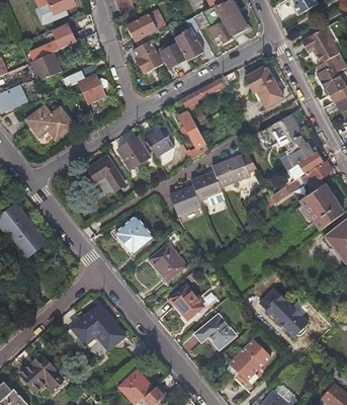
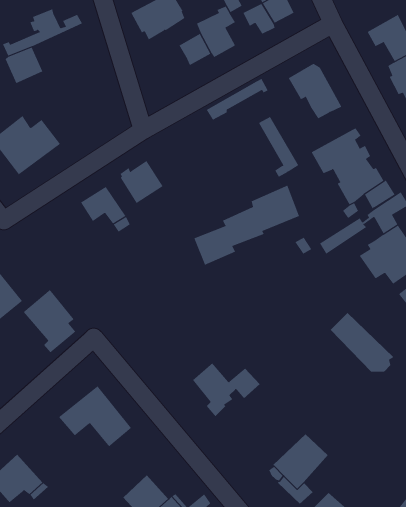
building: [134,40,167,74] -> none
building: [63,65,106,103] -> none
building: [178,111,208,157] -> [258,116,299,177]
building: [144,126,173,156] -> none
building: [116,216,156,263] -> [23,289,76,353]
building: [150,243,188,285] -> none
building: [260,290,308,334] -> [330,312,394,372]
building: [196,315,238,349] -> none

